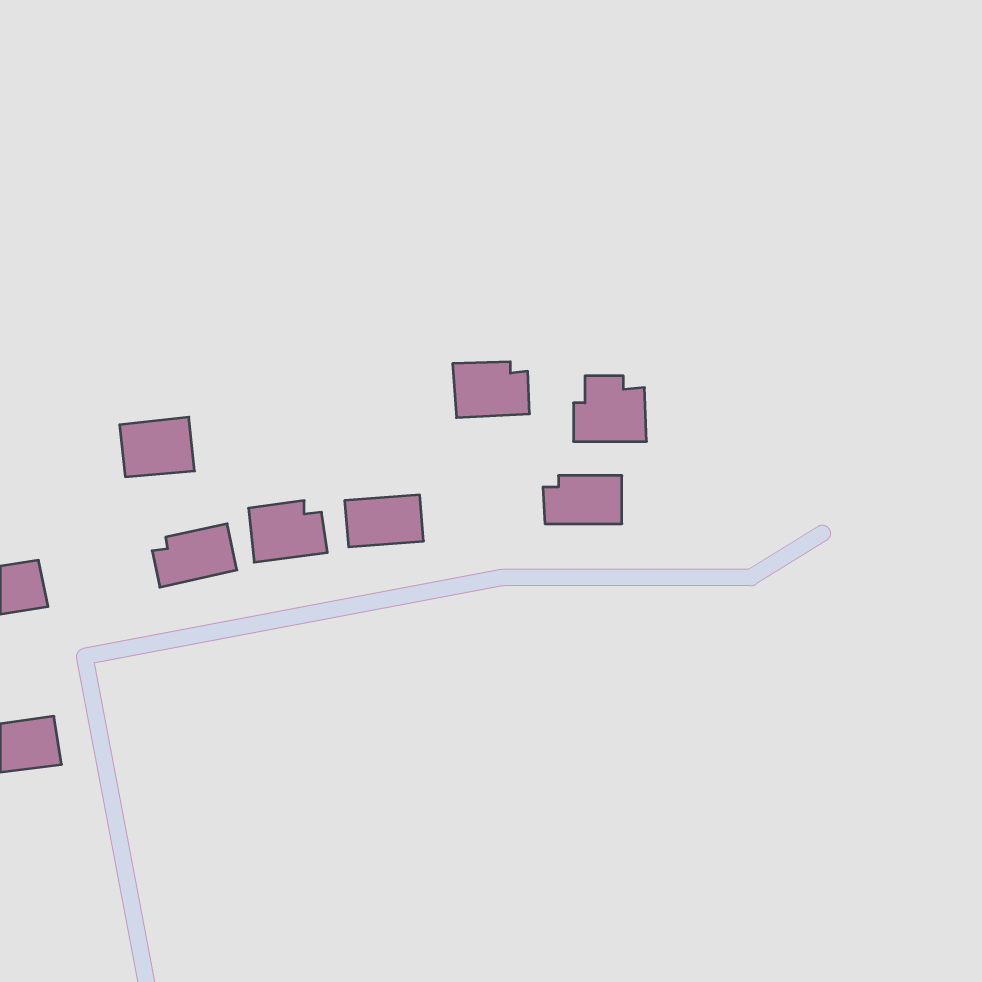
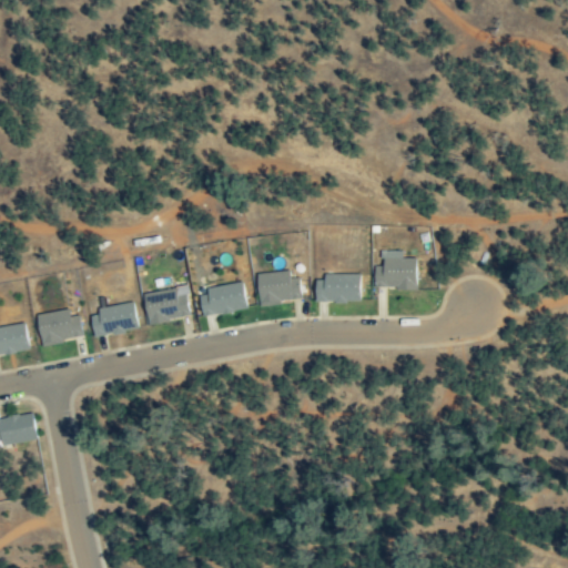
building: [453,362,530,418] -> [256,272,301,304]
building: [573,376,647,441] -> [374,251,416,288]
building: [120,417,195,477] -> [37,308,80,343]

